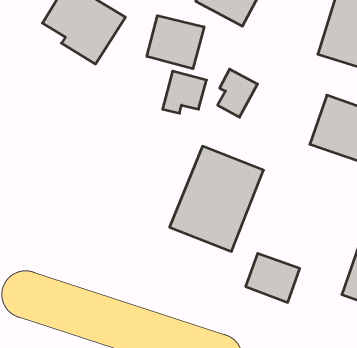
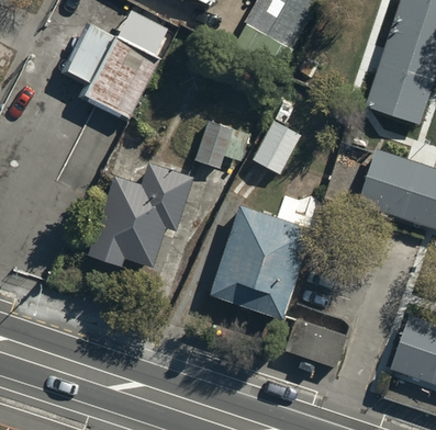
building: [147,16,204,69] -> none
building: none -> [87,161,195,269]

